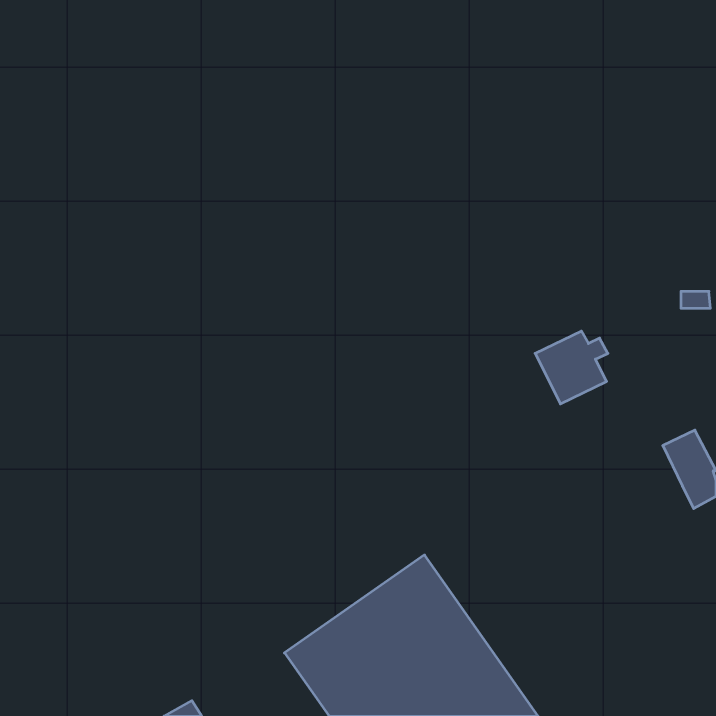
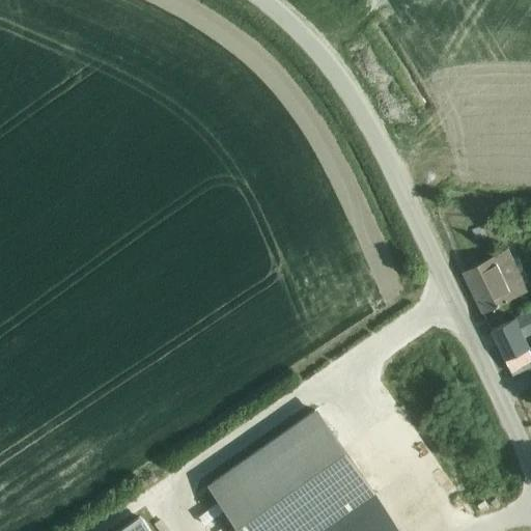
building: [535,331,608,404] -> [465,259,519,313]

